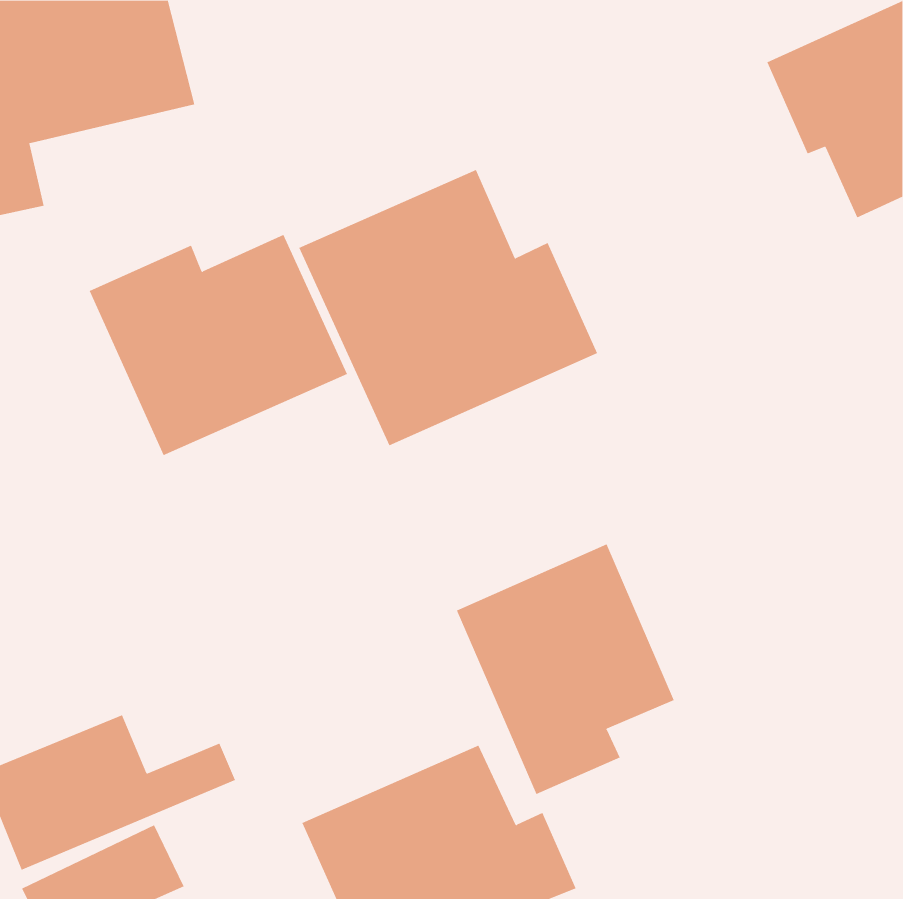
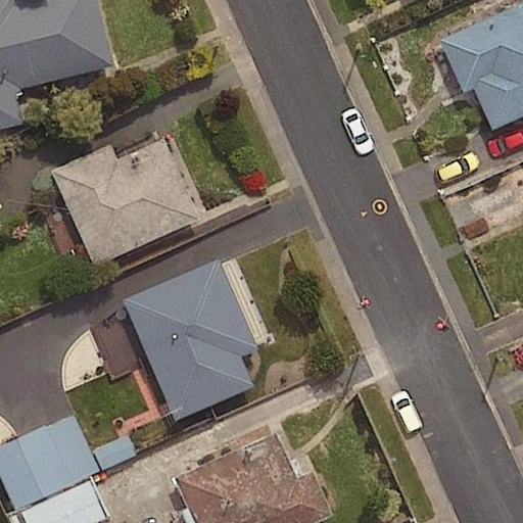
building: [299,169,598,446] -> none
building: none -> [125,259,257,420]
building: [456,543,674,795] -> none

